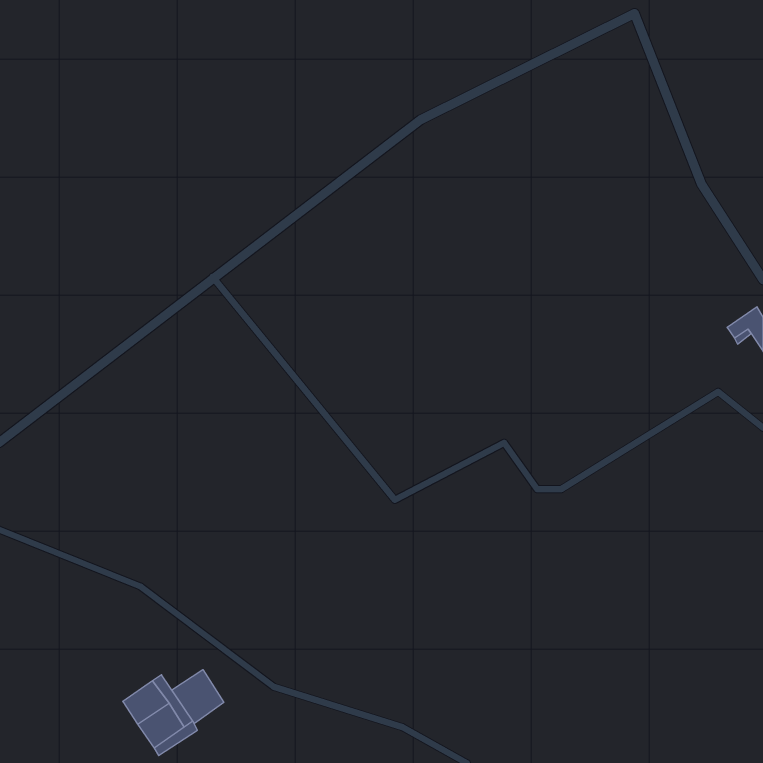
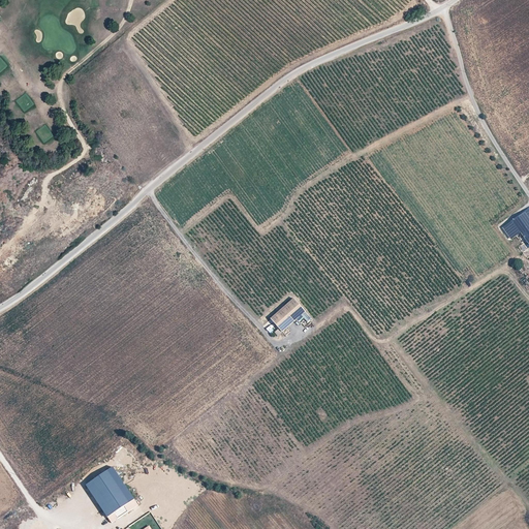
building: none -> [270,298,305,331]
building: [172,670,224,723] -> none

